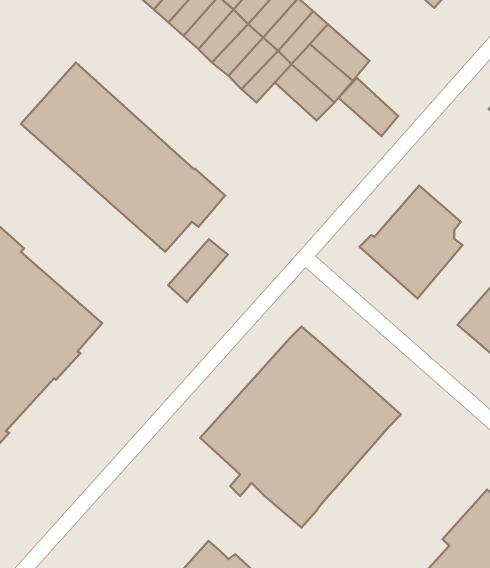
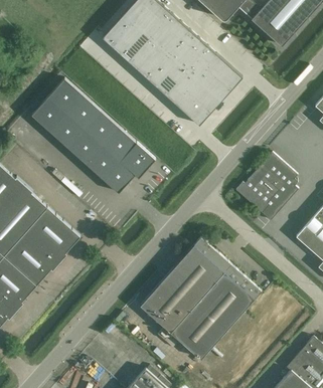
building: [338,78,398,136] -> [174,90,210,126]
building: [168,239,228,302] -> none

